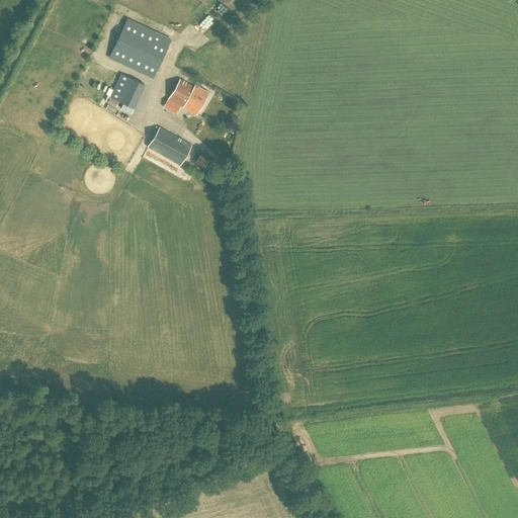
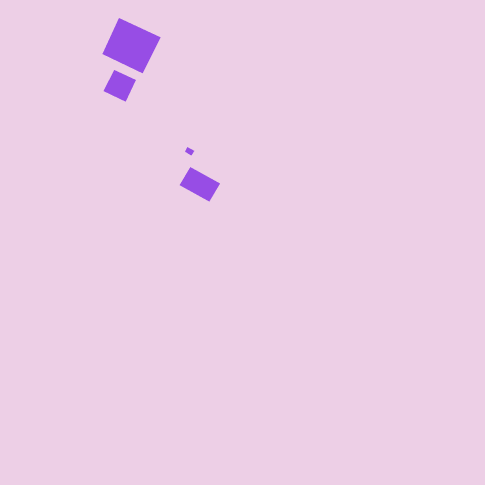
building: [168,79,208,115] -> none
building: [147,127,192,166] -> [178,166,221,202]

